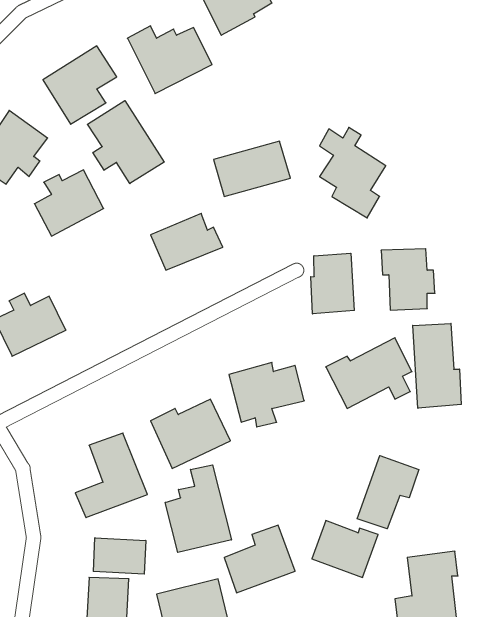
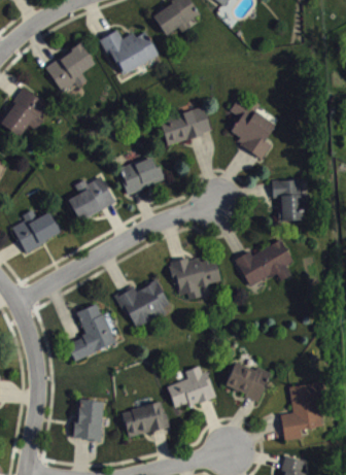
building: [87,101,164,184] -> none
building: [34,170,104,236] -> [68,176,114,220]
building: [311,253,354,314] -> none
building: [413,323,461,408] -> none
building: [357,456,419,529] -> none
building: [165,465,231,552] -> none
building: [93,538,146,574] -> none

